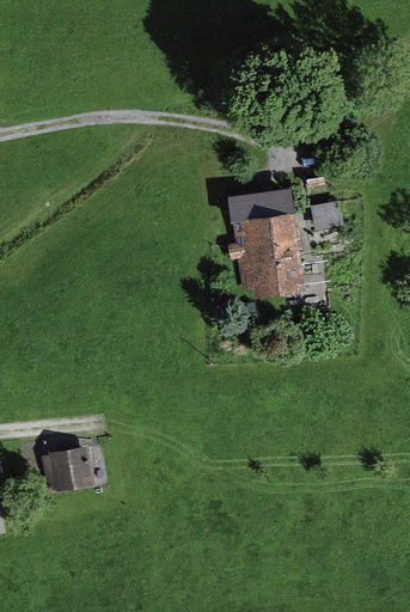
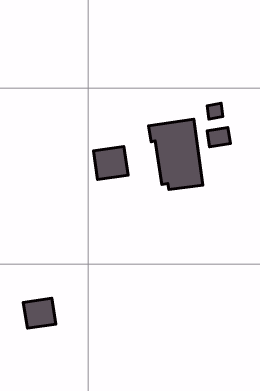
building: none -> [93,147,128,179]

